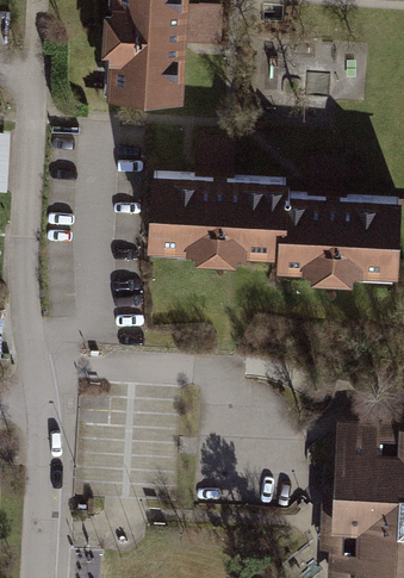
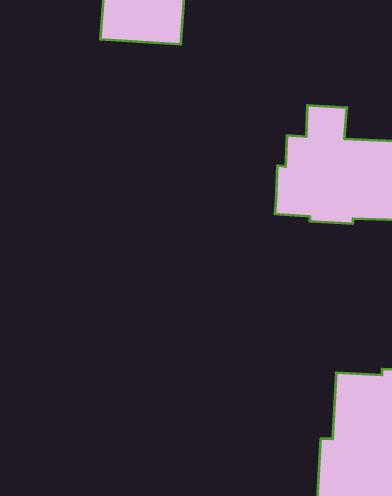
building: [147,144,290,261] -> none

